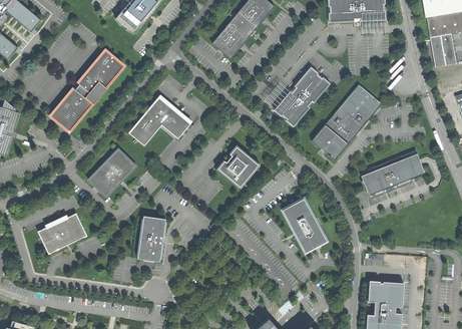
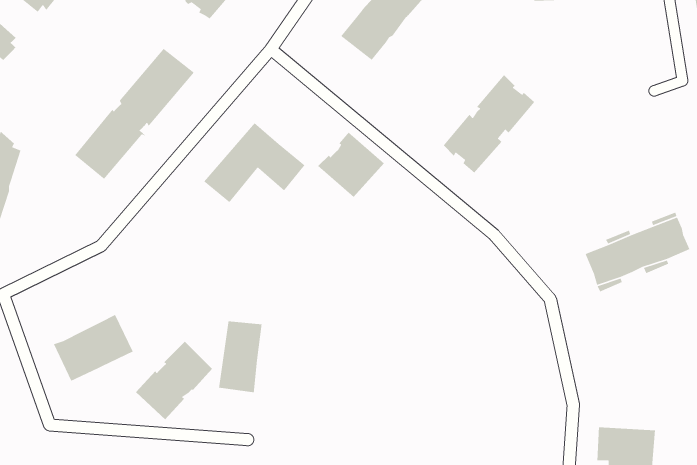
building: [312,84,381,159] -> none
building: [216,146,258,187] -> [317,132,385,198]
building: [88,147,135,196] -> [135,341,213,420]
building: [282,199,326,253] -> none

